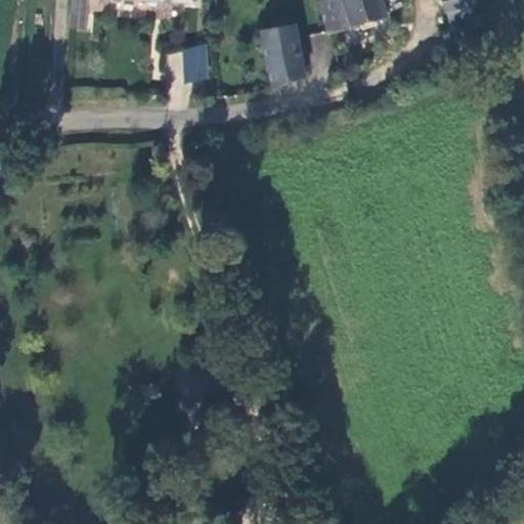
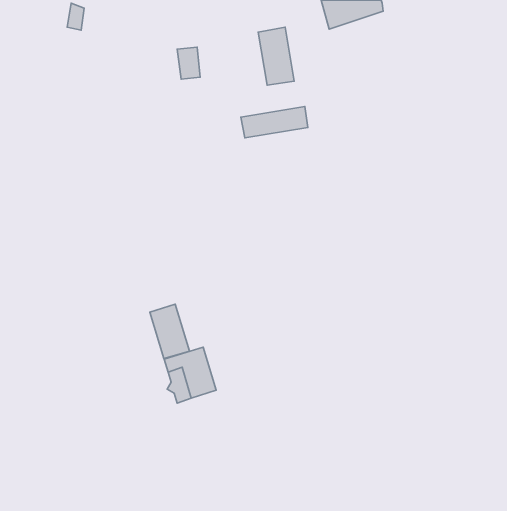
building: none -> [241,106,308,138]
building: none -> [150,304,190,359]

